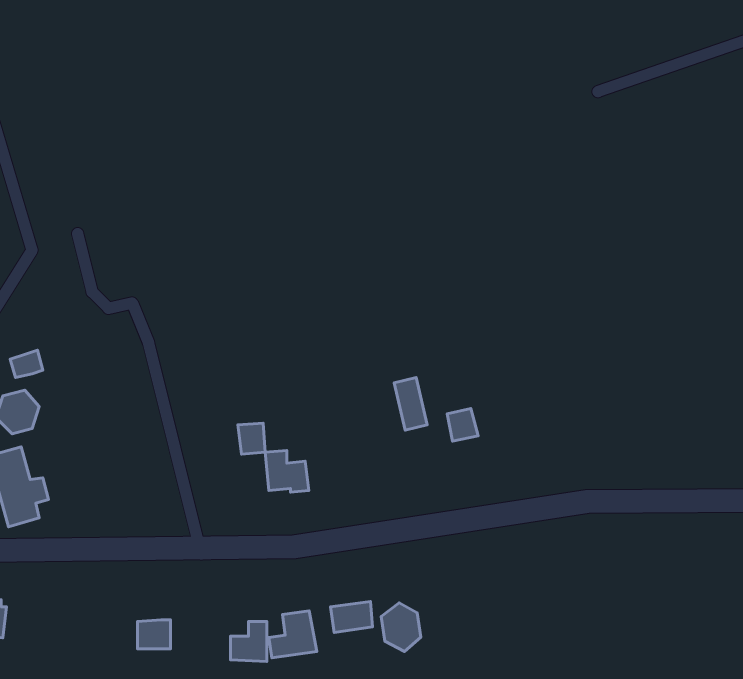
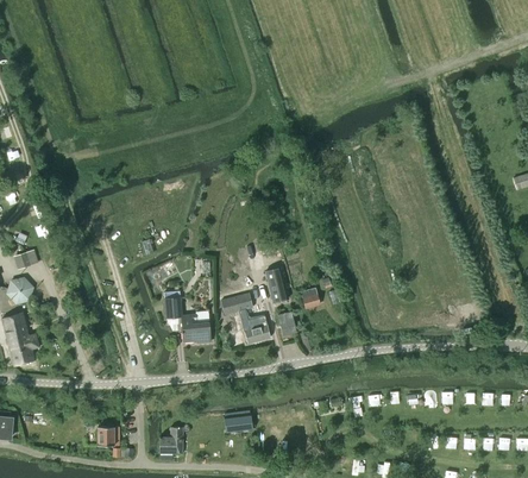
building: none -> [221,291,271,342]
building: [381,603,421,652] -> none
building: [269,611,317,658] -> none

